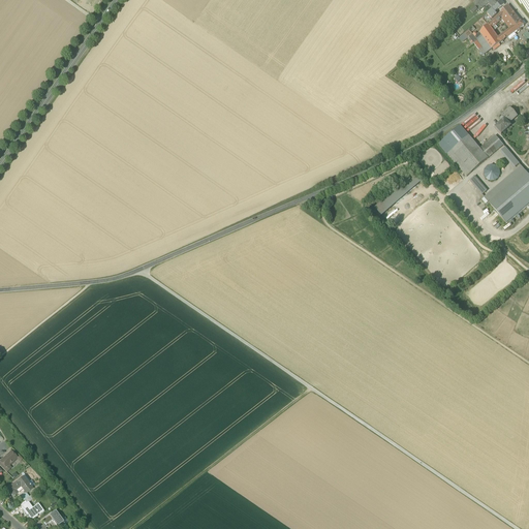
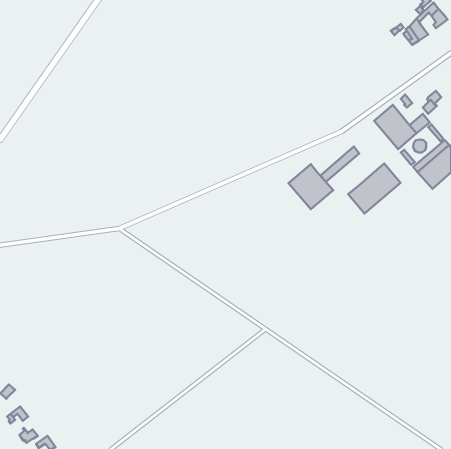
building: none -> [348,163,400,214]
building: none -> [288,164,333,209]

